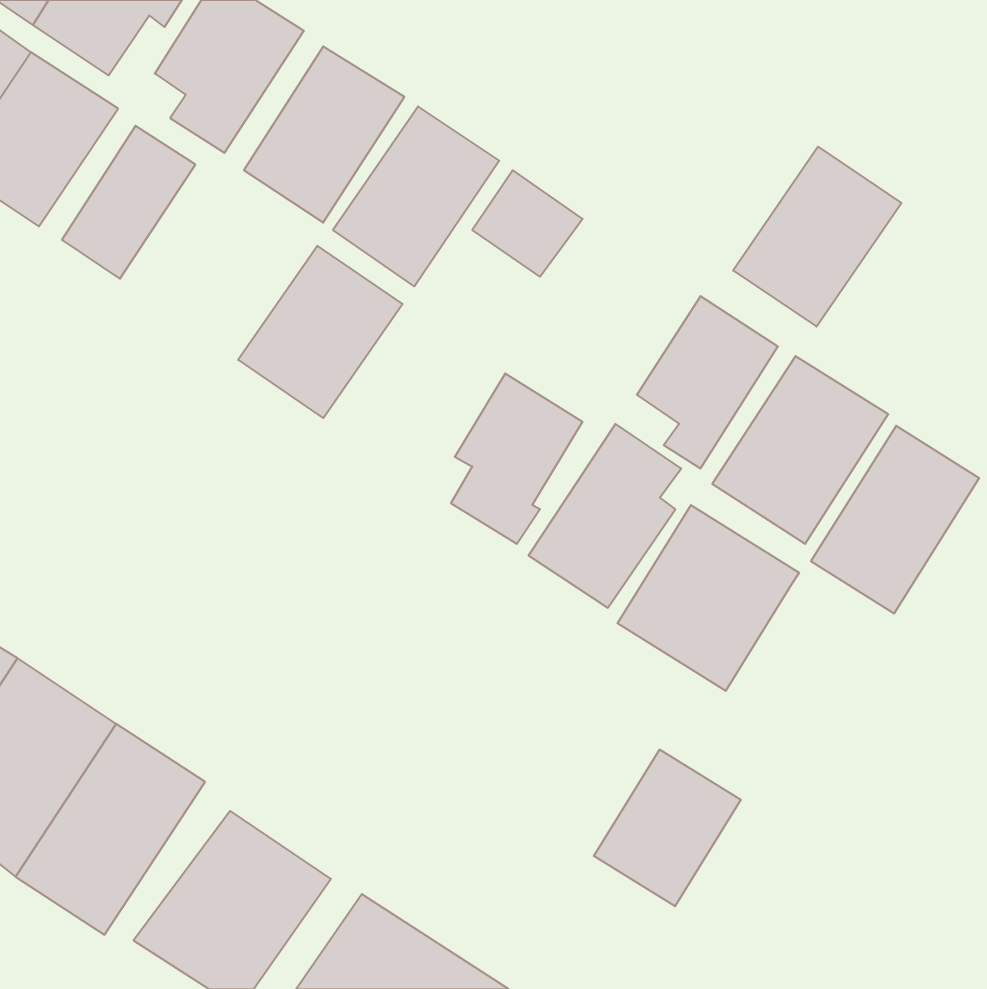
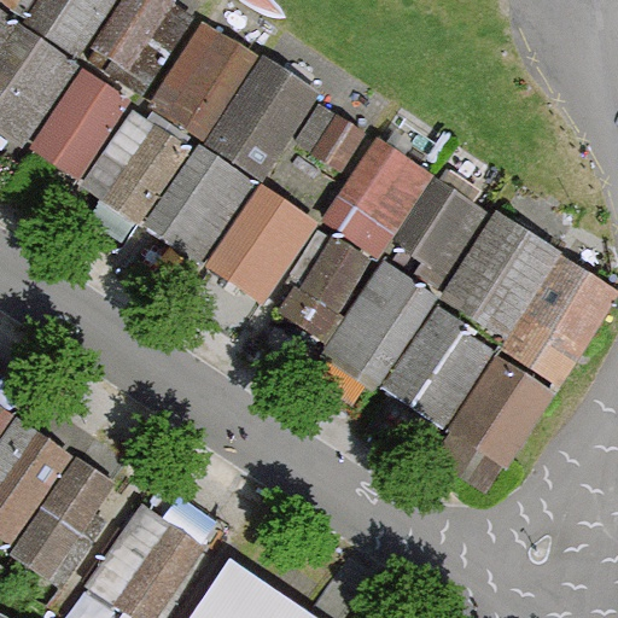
building: [733,147,901,327] -> [323,145,428,257]
building: none -> [87,118,185,220]
building: none -> [212,197,307,298]
building: [594,750,741,906] -> [453,365,544,462]

